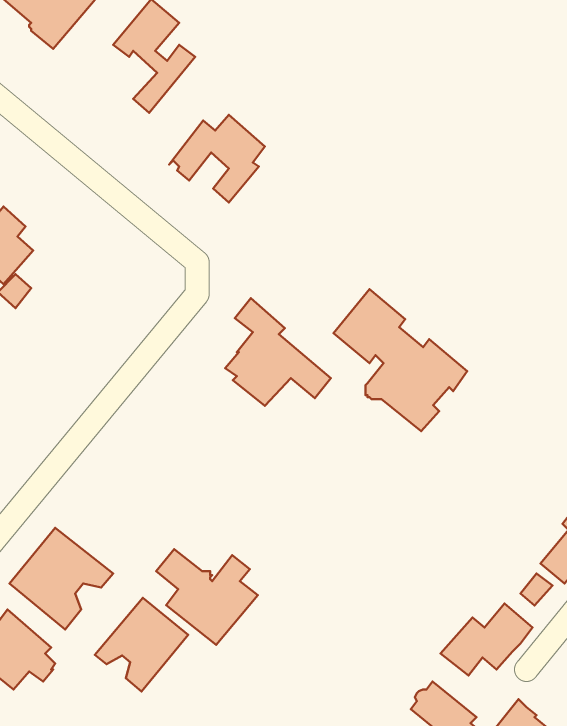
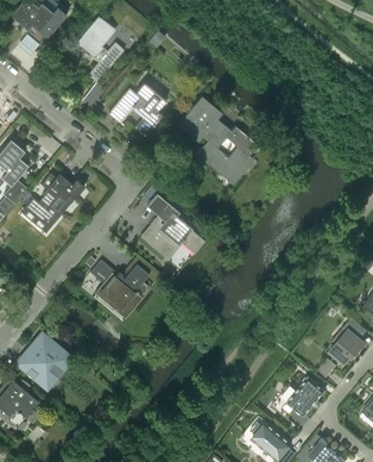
building: none -> [19,173,84,229]
building: [333,289,467,431] -> [177,96,257,181]
building: [156,549,258,645] -> [89,261,150,318]
building: [95,598,188,691] -> none

